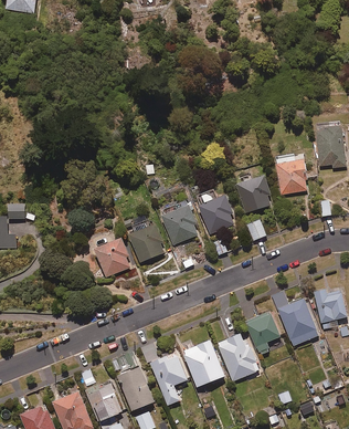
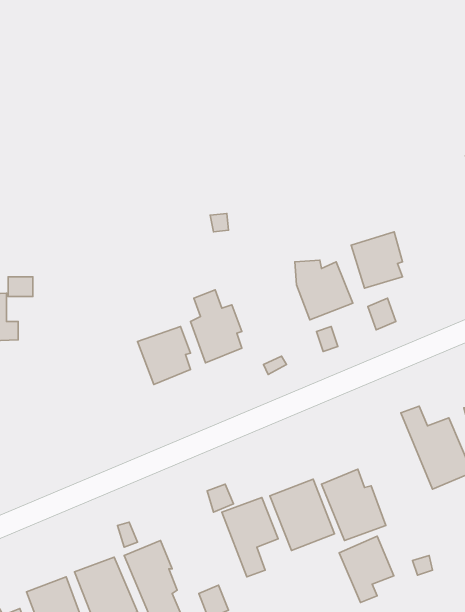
building: [274,155,306,195] -> none
building: [162,199,202,244] -> none
building: [245,310,282,354] -> [339,536,394,602]
building: [118,367,156,411] -> none

